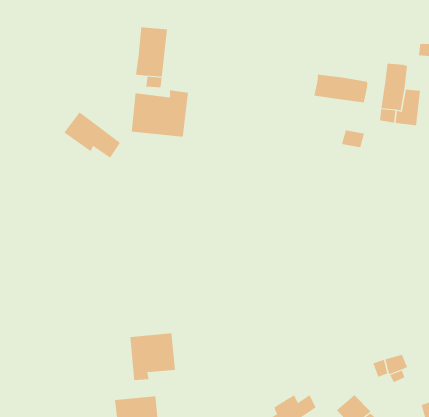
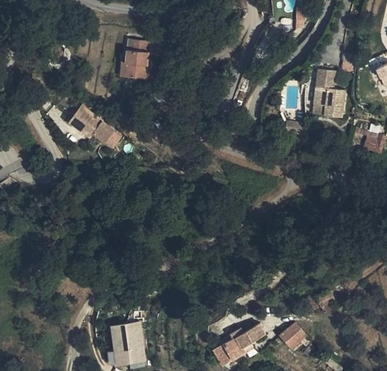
building: [314,74,368,103] -> none
building: [131,89,188,138] -> none
building: [130,333,176,381] -> none

